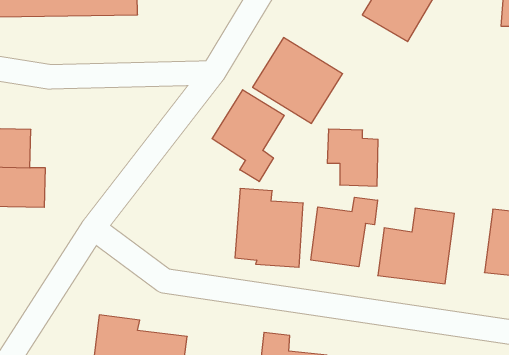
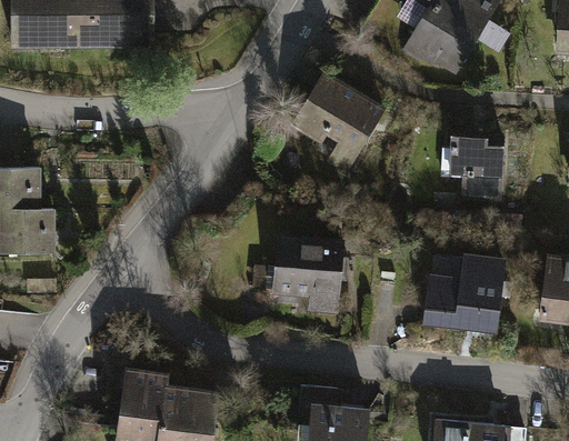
building: [212,90,284,182] -> none
building: [327,129,378,186] -> [448,136,502,197]
building: [311,197,378,267] -> none

